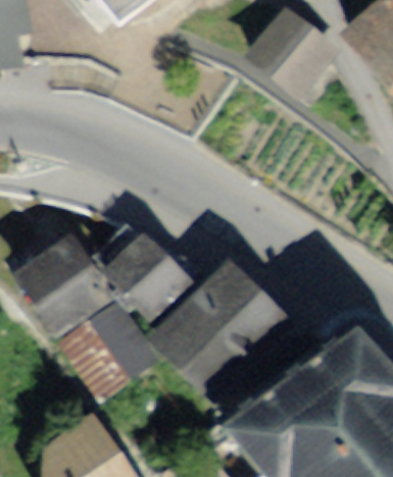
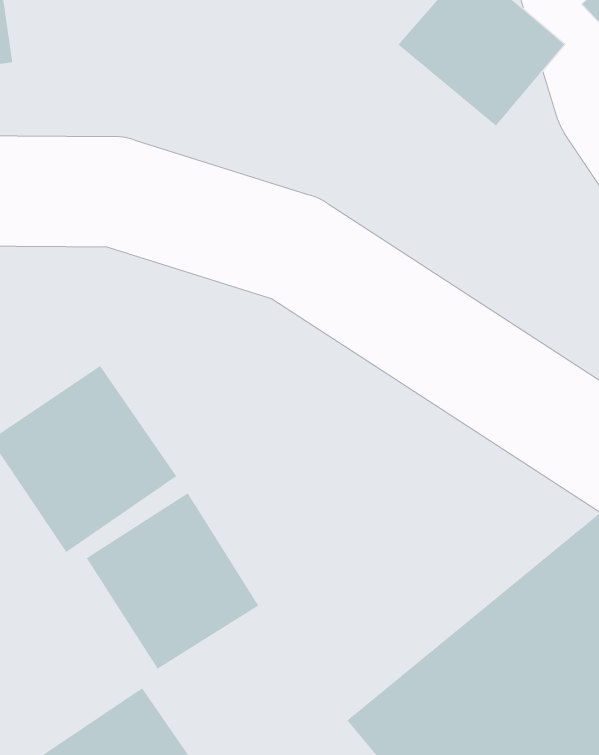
building: [102,227,189,314] -> none
building: [145,258,296,407] -> none

